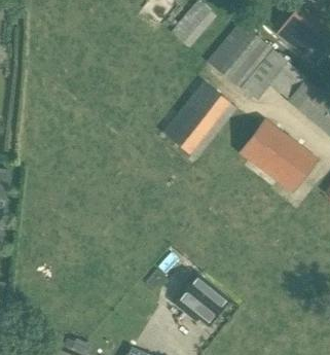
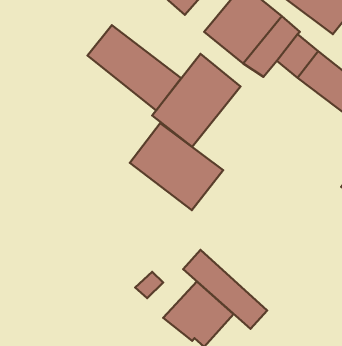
building: none -> [88,25,181,110]
building: [240,118,319,192] -> [130,123,223,210]
building: none -> [183,250,267,329]

